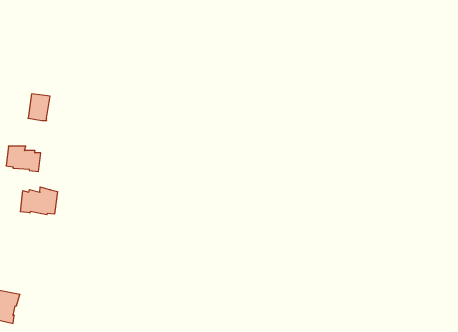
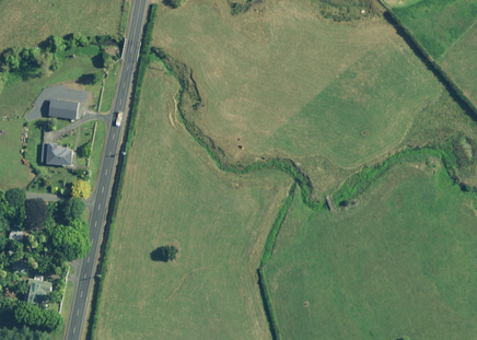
building: [20,187,58,215] -> none

